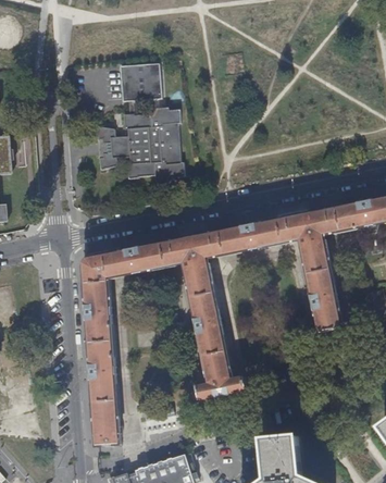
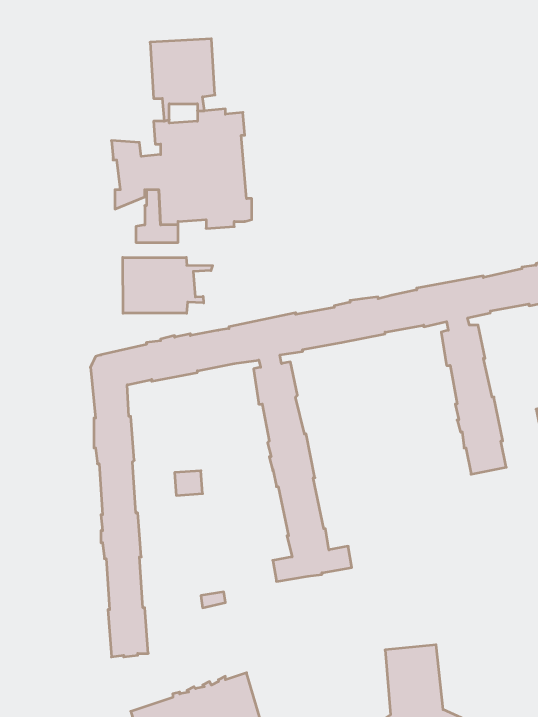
building: none -> [123,257,213,313]

